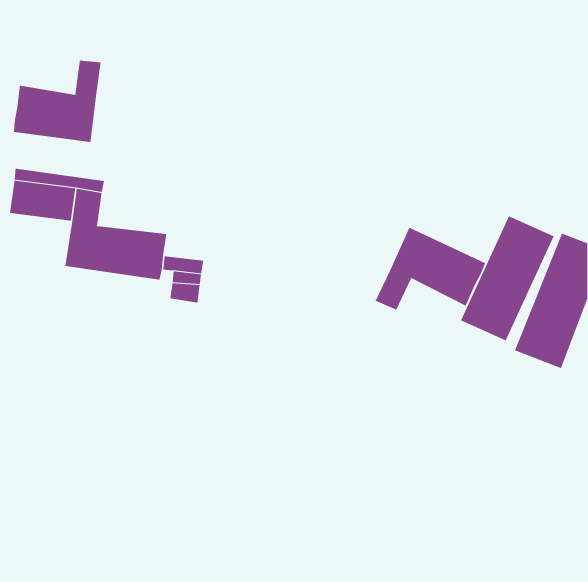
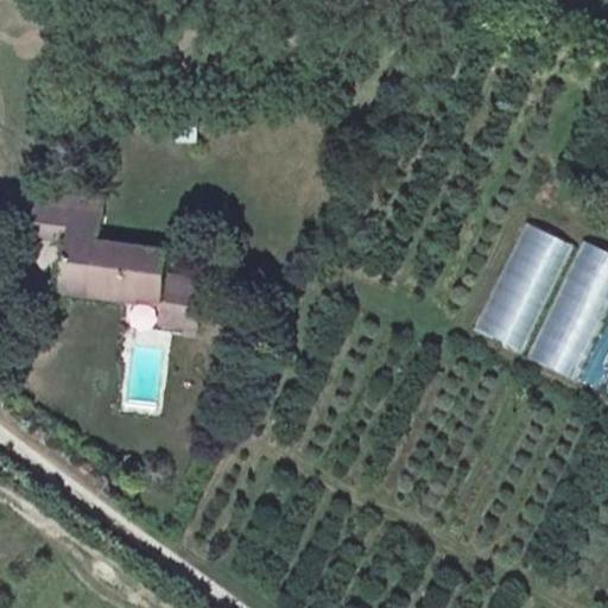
building: [14,60,101,143] -> none
building: [375,227,486,310] -> none

